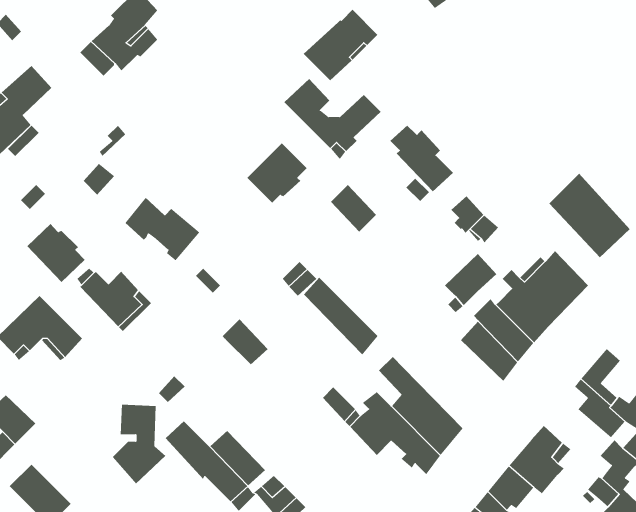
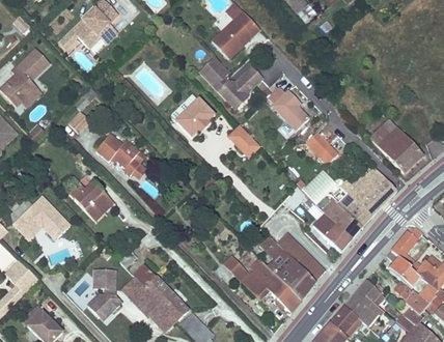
building: [27,223,85,283] -> none
building: [303,277,379,356] -> [277,231,326,282]
building: [222,319,268,365] -> [133,263,163,293]

